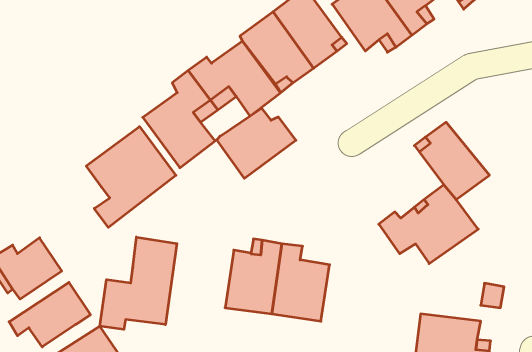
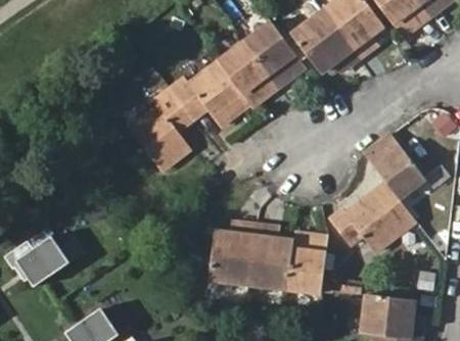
building: [217,108,296,178] -> none
building: [86,127,176,227] -> none
building: [100,237,177,329] -> none
building: none -> [286,232,324,290]
building: [9,282,90,347] -> none

